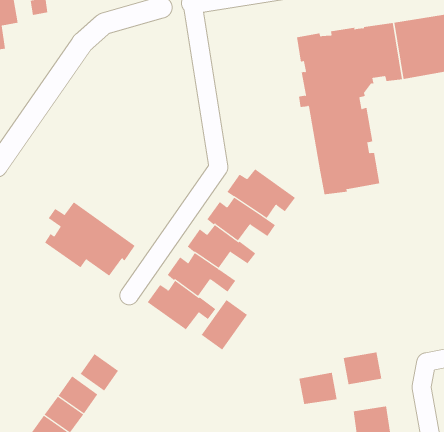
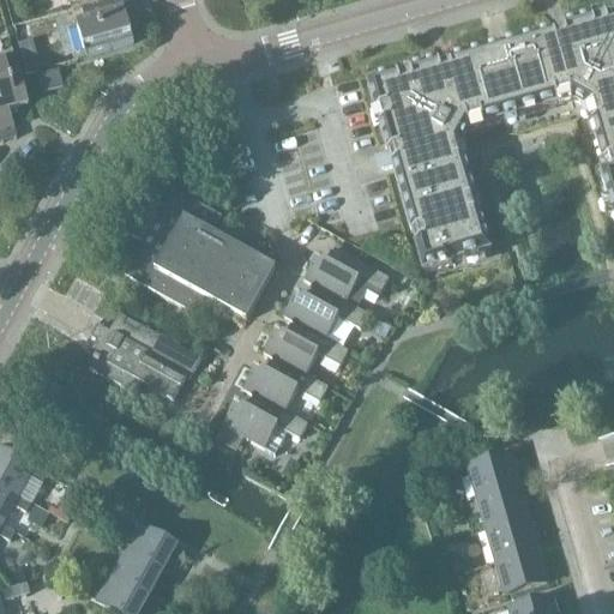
building: none -> [125,186,276,317]
building: [201,299,248,350] -> none
building: [80,353,119,391] -> none
building: [298,372,337,405] -> [478,483,529,526]

